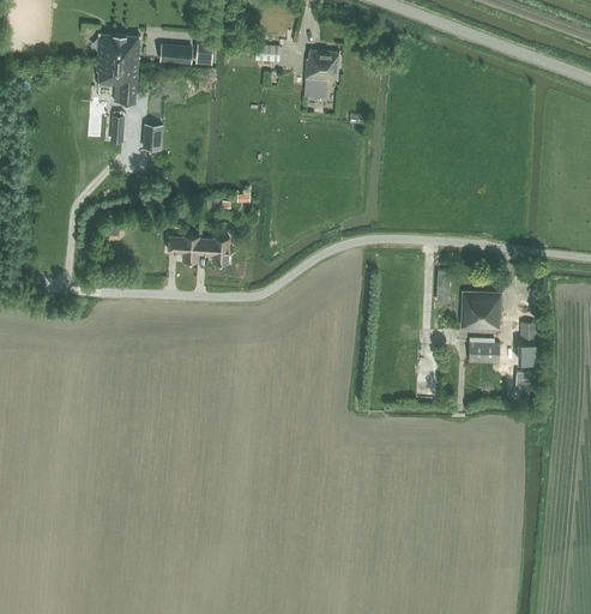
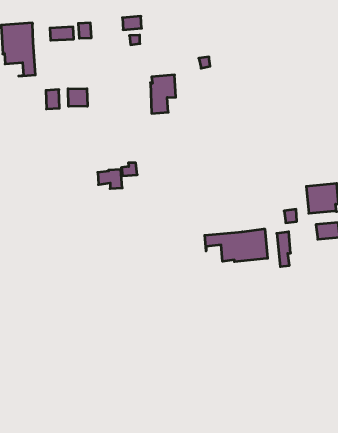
building: [303,50,339,98] -> [150,75,176,113]
building: none -> [68,89,87,106]
building: [168,236,198,261] -> none
building: none -> [205,229,268,262]

